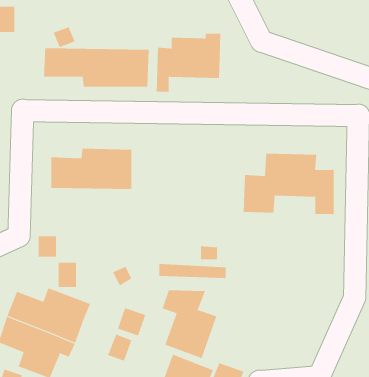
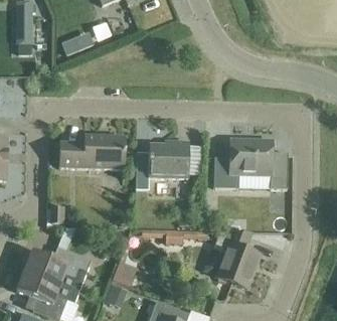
building: [156,33,221,92] -> [137,141,189,188]
building: [44,47,149,88] -> none
building: [162,290,217,359] -> [215,232,260,288]

